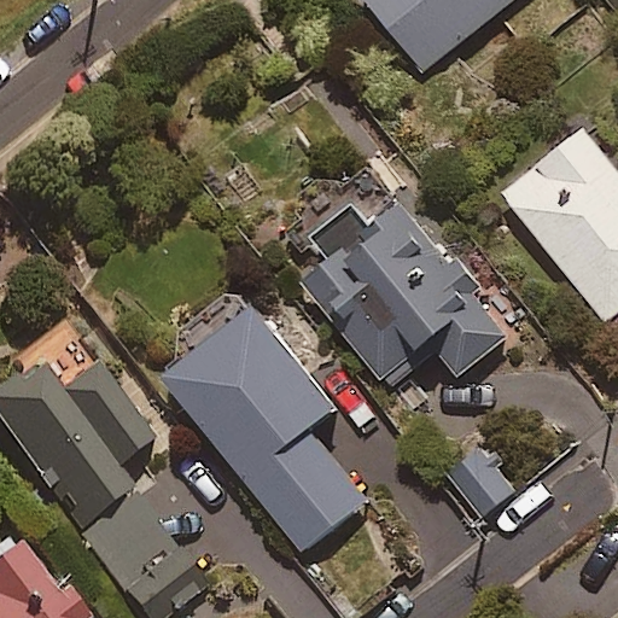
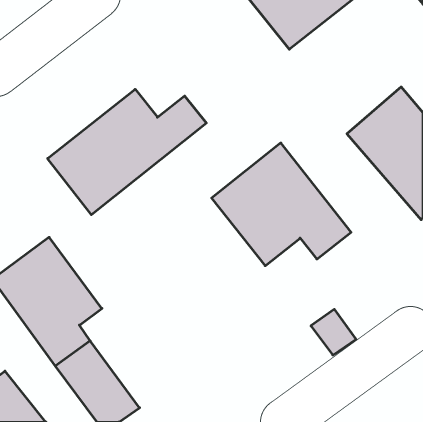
building: none -> [48,89,206,215]
building: [167,309,365,552] -> none

